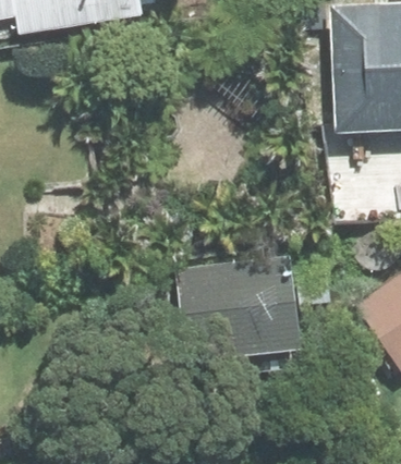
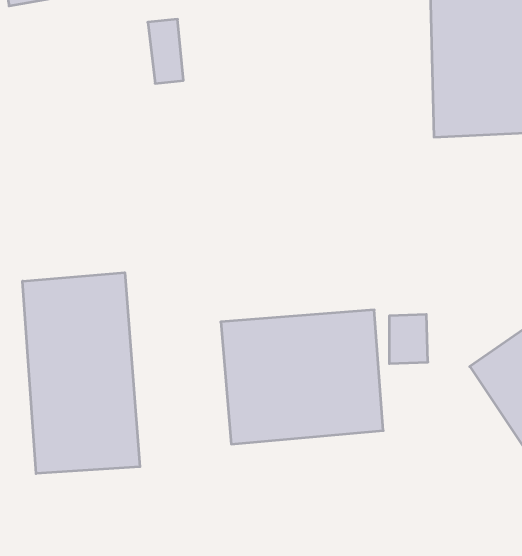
building: none -> [23,273,140,474]

